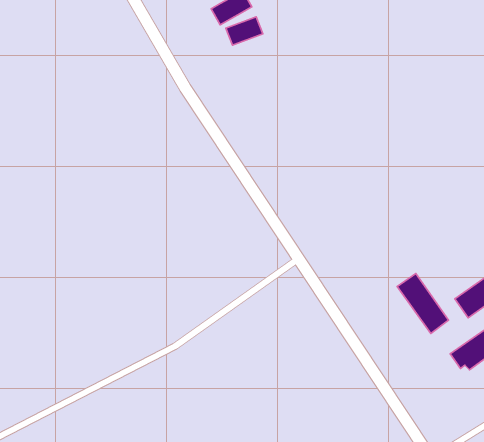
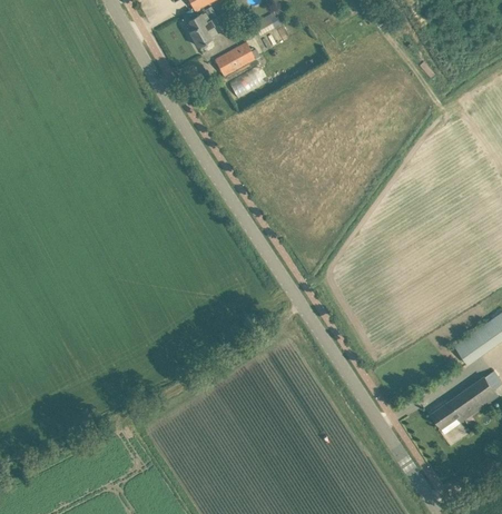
building: [397,273,448,334] -> none
building: none -> [432,399,470,427]

